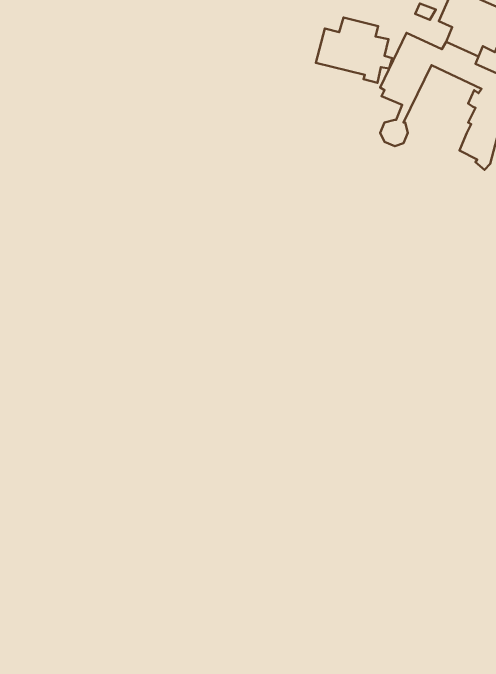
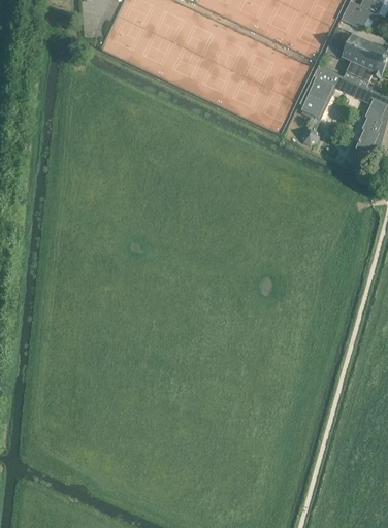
building: [316,18,392,83] -> none

